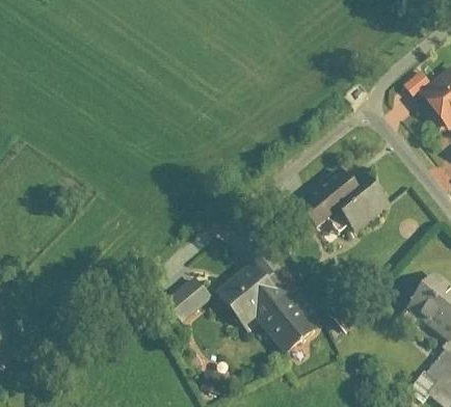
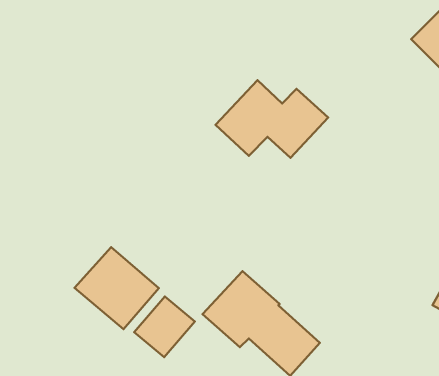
building: [298,167,392,235] -> [216,80,328,158]
building: none -> [75,247,159,329]

